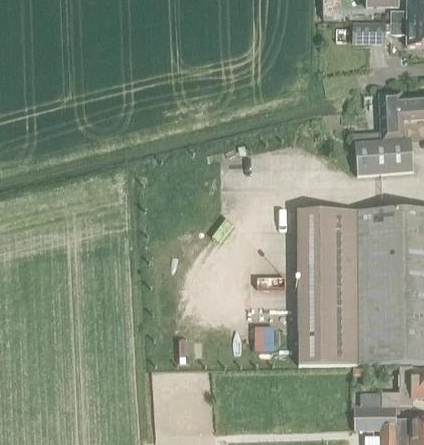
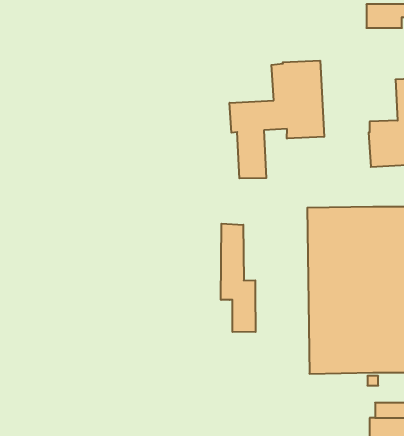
building: none -> [230,61,324,178]
building: none -> [221,224,256,332]

